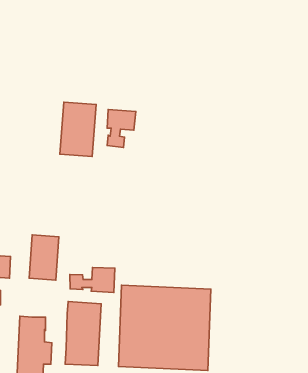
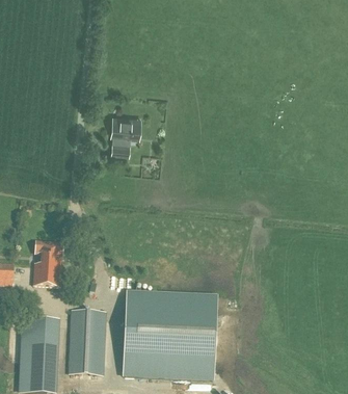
building: [60,102,96,156] -> none
building: [70,268,115,293] -> none

